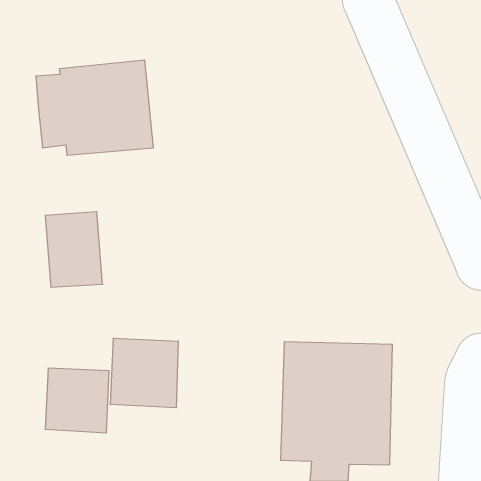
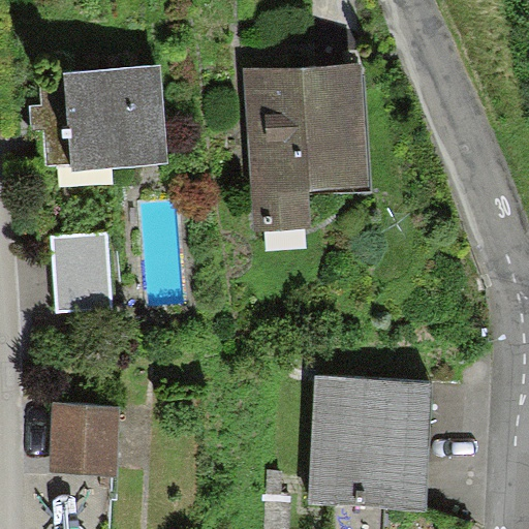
building: none -> [245,64,372,227]
building: [110,338,178,408] -> none

